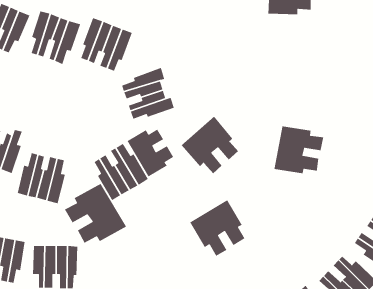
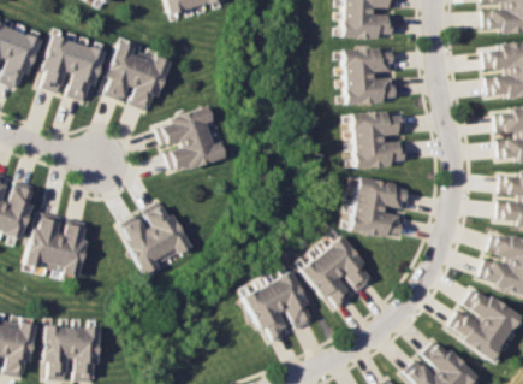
building: none -> [341,46,399,105]
building: none -> [350,111,408,170]
building: [181,116,239,174] -> [301,234,374,307]
building: [127,128,174,177] -> none
building: [64,183,127,244] -> none

